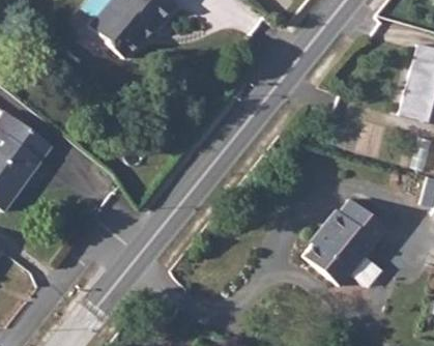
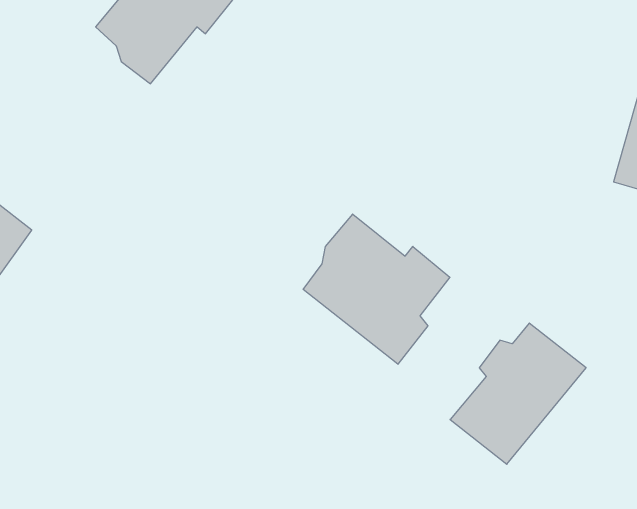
building: none -> [303,214,450,364]

